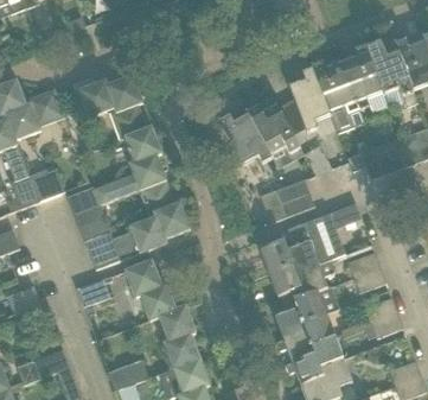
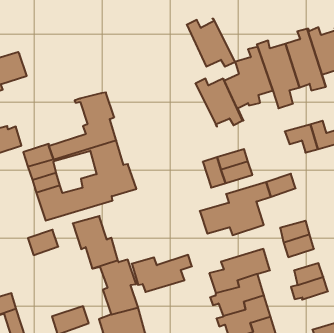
building: [81,75,146,136] -> none
building: [218,110,273,163] -> [187,19,235,67]
building: [269,259,334,301] -> [132,255,192,292]

